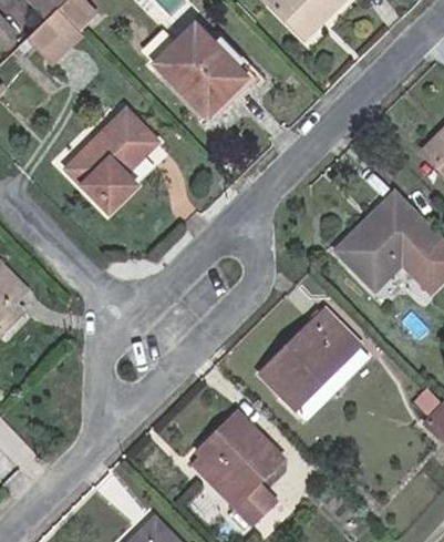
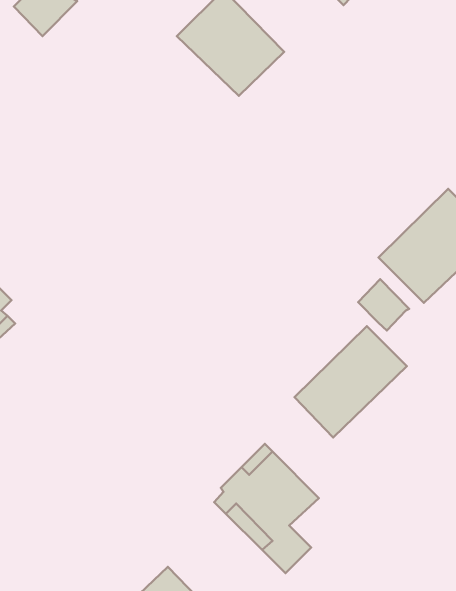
building: [73,110,164,212] -> none
building: none -> [358,279,409,330]

